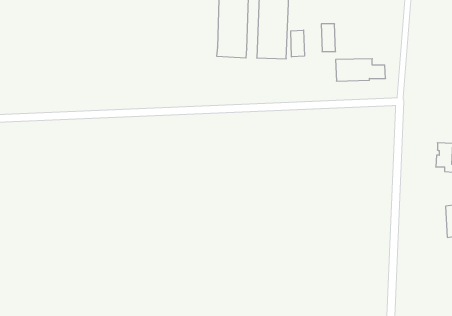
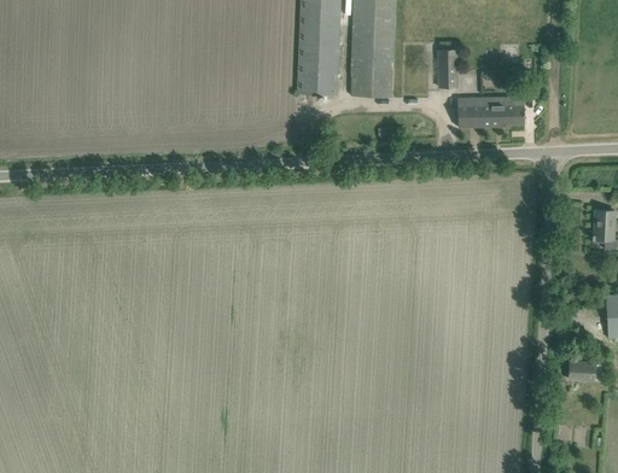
building: [291,30,304,57] -> none
building: none -> [569,361,596,383]

